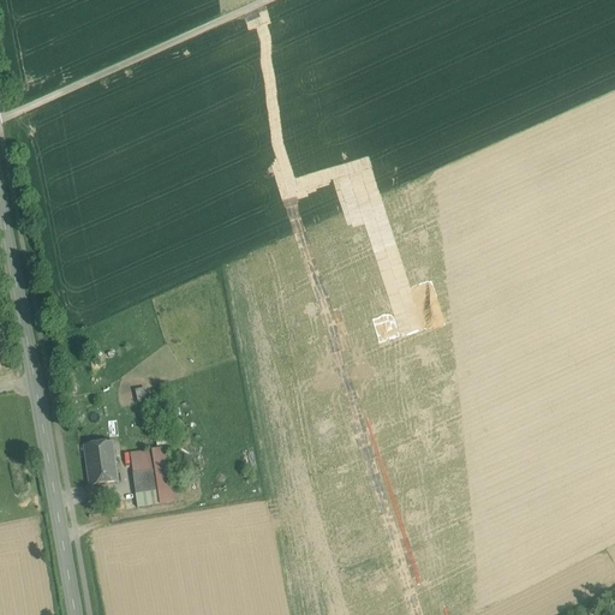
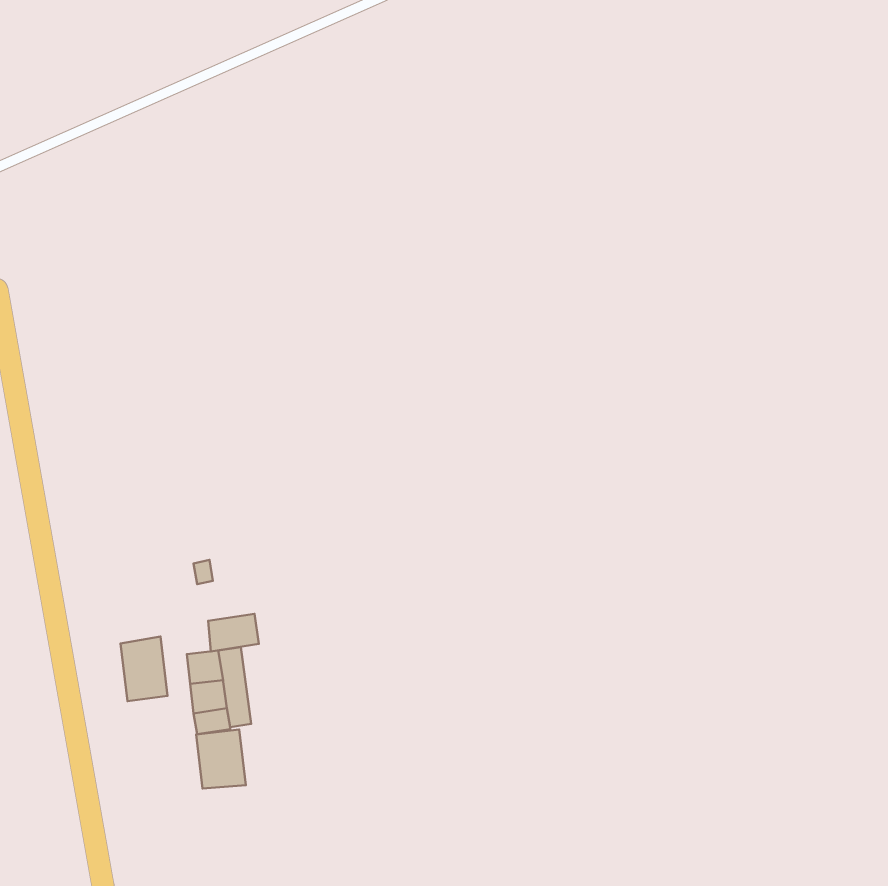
building: none -> [208,614,259,651]
building: none -> [196,730,246,788]

